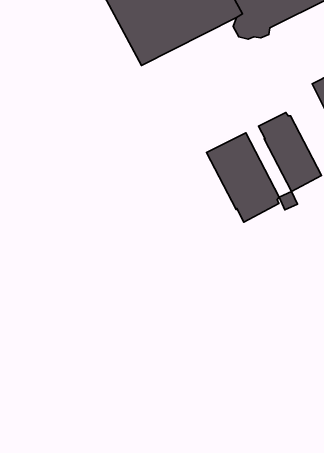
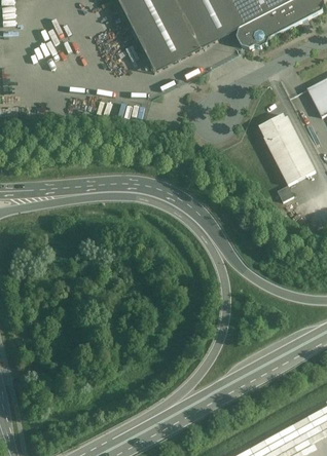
building: [207,133,279,222] -> none

